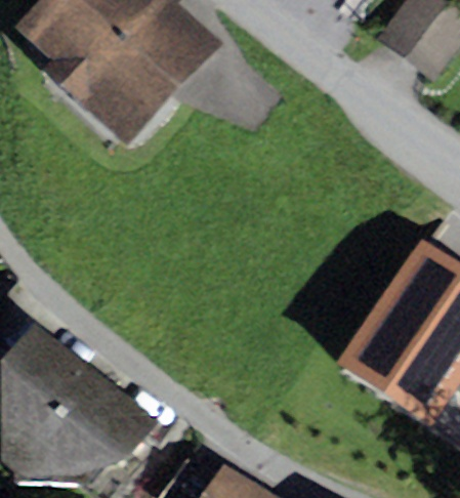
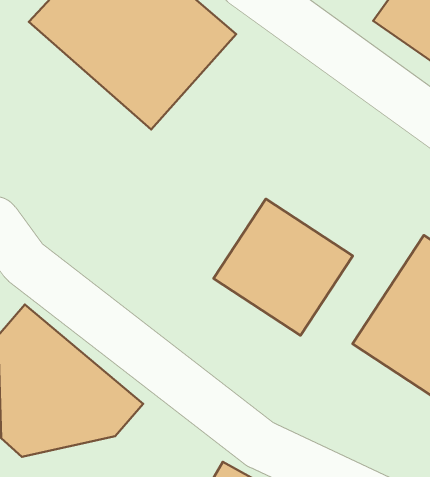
building: none -> [213,199,353,336]

